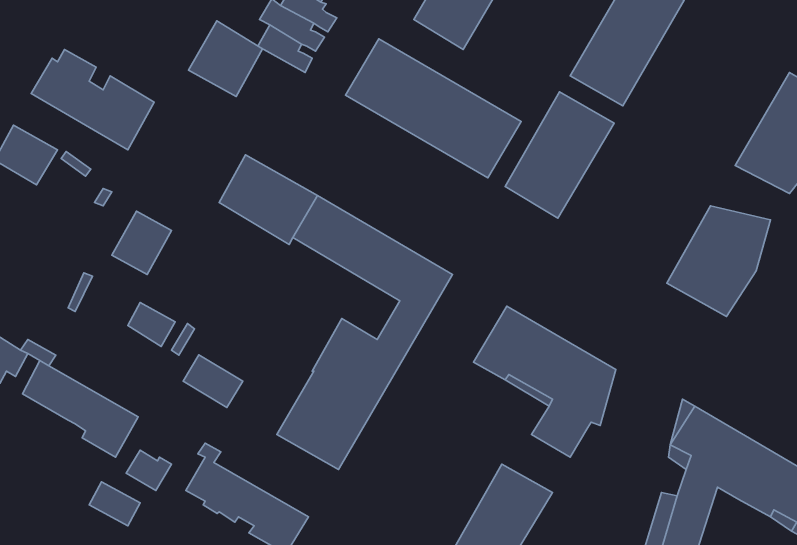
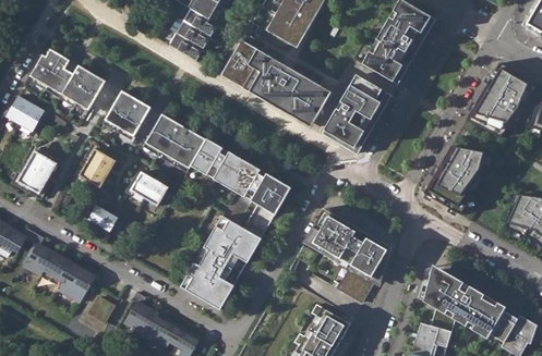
building: [189,21,262,96] -> [105,89,150,136]
building: none -> [16,150,57,194]
building: [183,355,243,408] -> [130,173,167,206]

